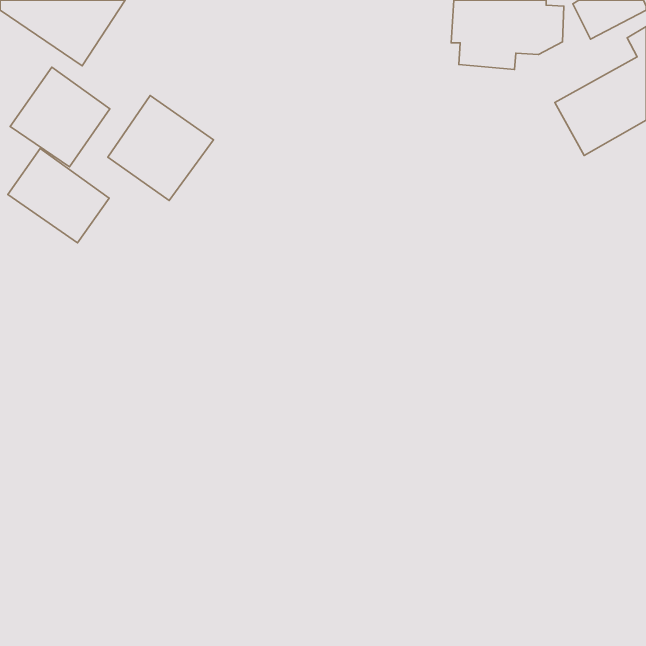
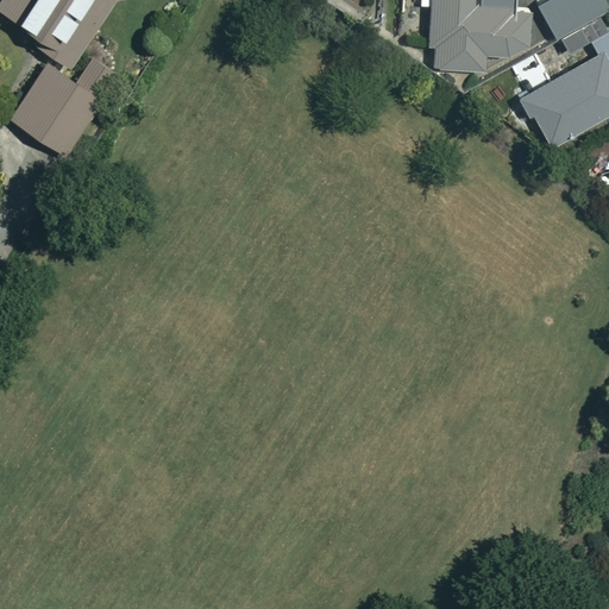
building: [108,95,213,201] -> none
building: [8,148,109,243] -> none

